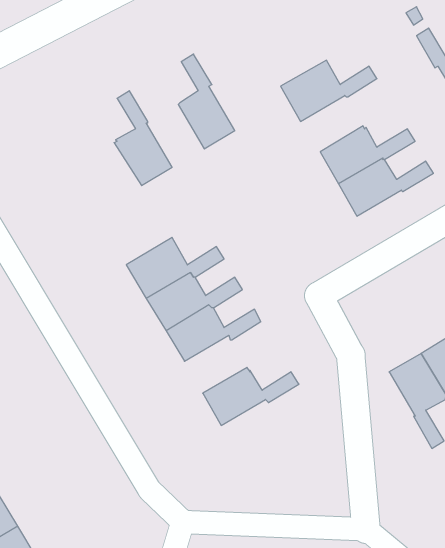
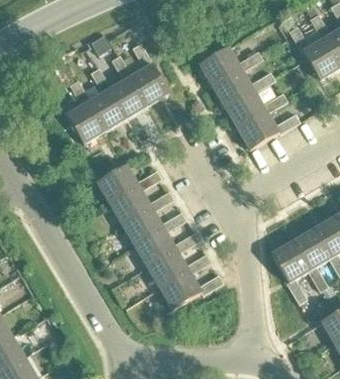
building: none -> [110,55,149,117]
building: none -> [212,70,275,107]
building: none -> [67,80,107,144]
building: none -> [136,228,199,267]
building: none -> [160,271,224,308]

